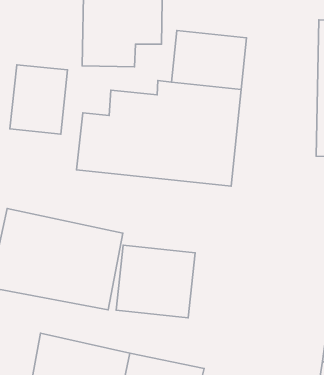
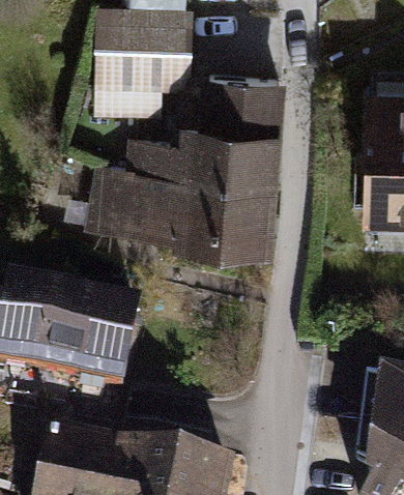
building: [10,65,67,134] -> none
building: [116,245,195,318] -> none

